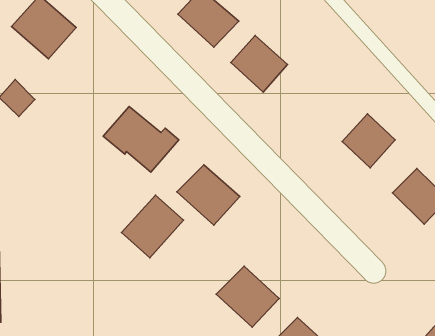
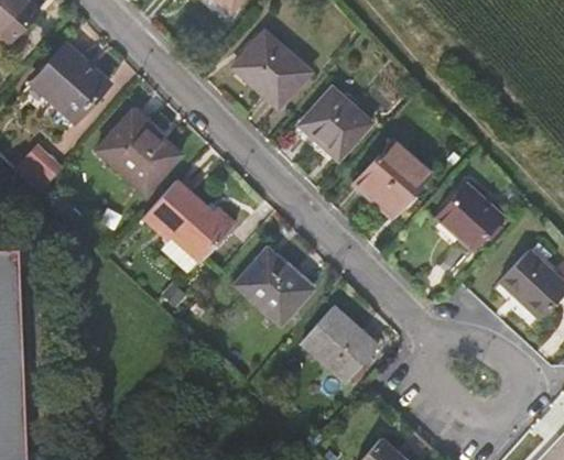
building: none -> [93,112,178,198]
building: none -> [359,143,429,213]
building: [122,195,184,258] -> none
building: [216,266,279,327] -> [304,308,381,383]

